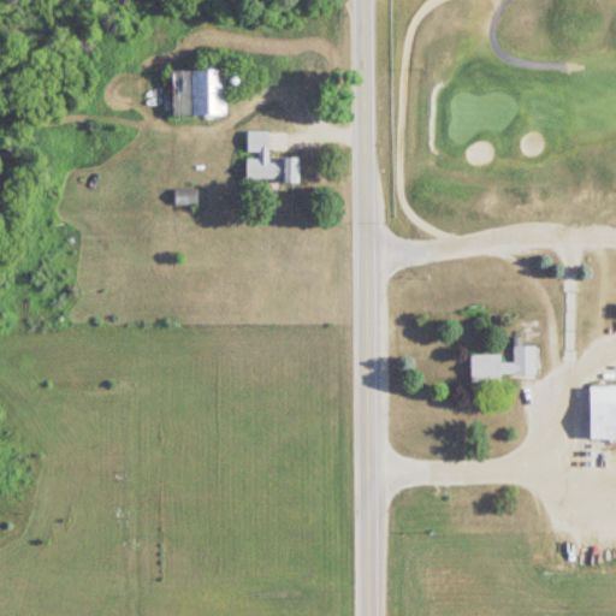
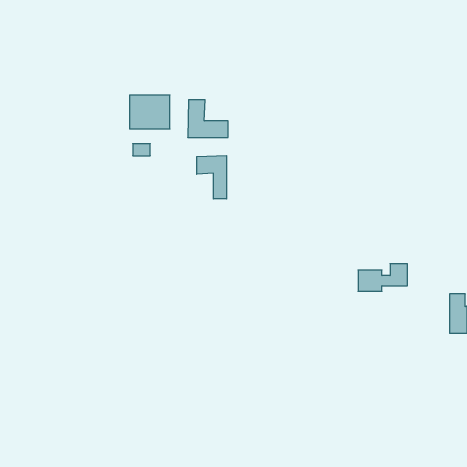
building: [173,71,226,116] -> [130,95,170,129]
building: none -> [197,156,227,199]

